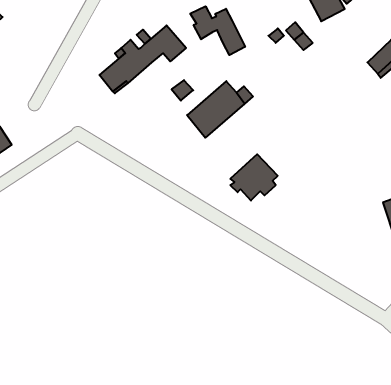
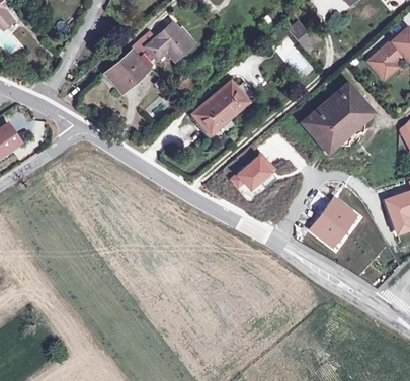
building: [190,6,245,55] -> none
building: none -> [304,85,373,152]
building: none -> [310,196,360,248]

